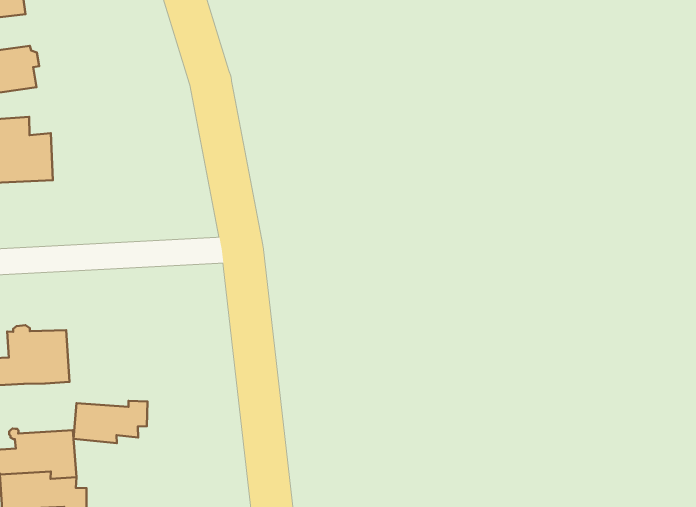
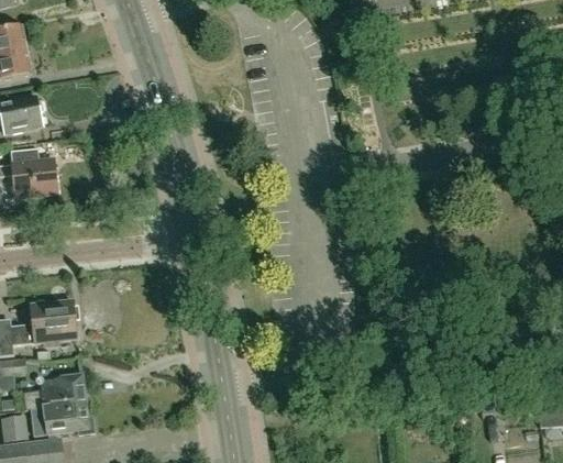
building: [73,401,147,443] -> none

